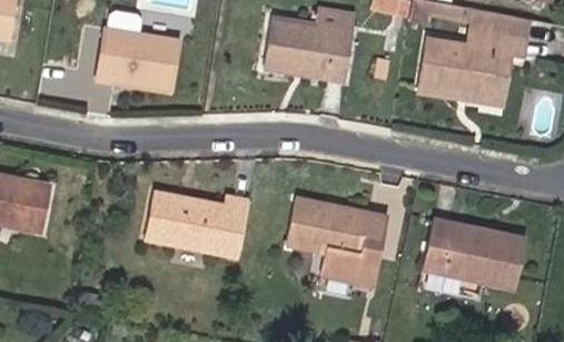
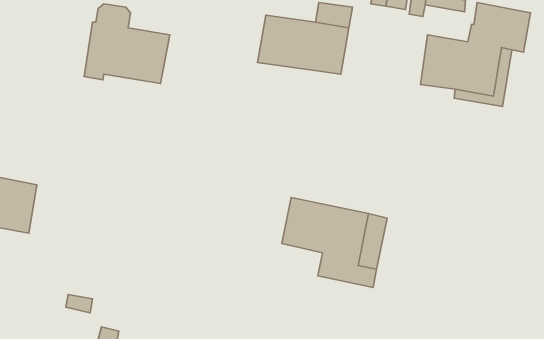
building: [144,192,249,258] -> none
building: [422,219,525,290] -> none

